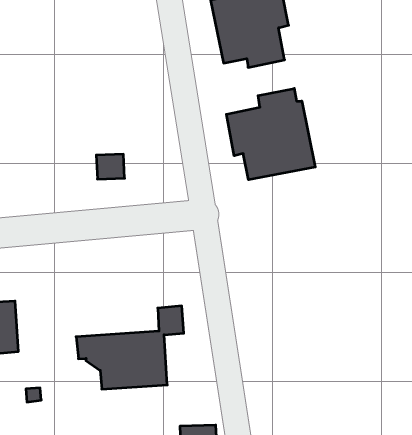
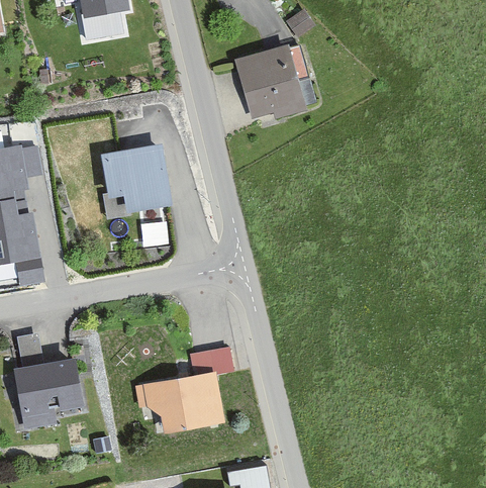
building: none -> [100,147,172,214]
building: [226,88,315,180] -> none

